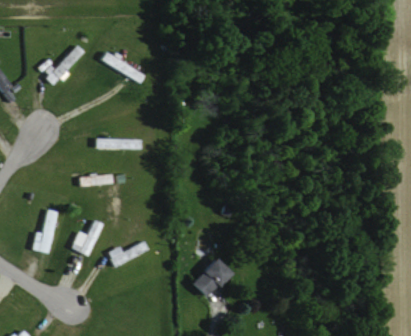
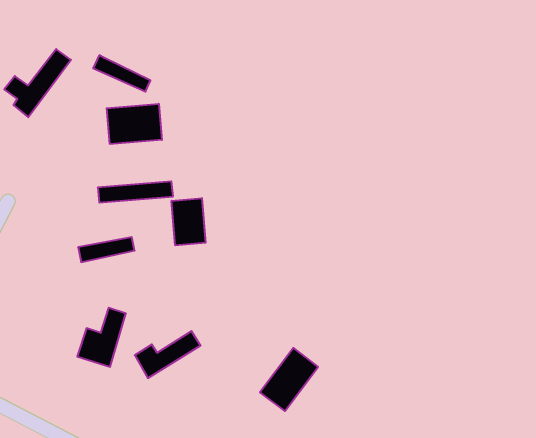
building: none -> [107,104,162,144]
building: none -> [172,198,206,245]
building: [31,208,59,254] -> none

